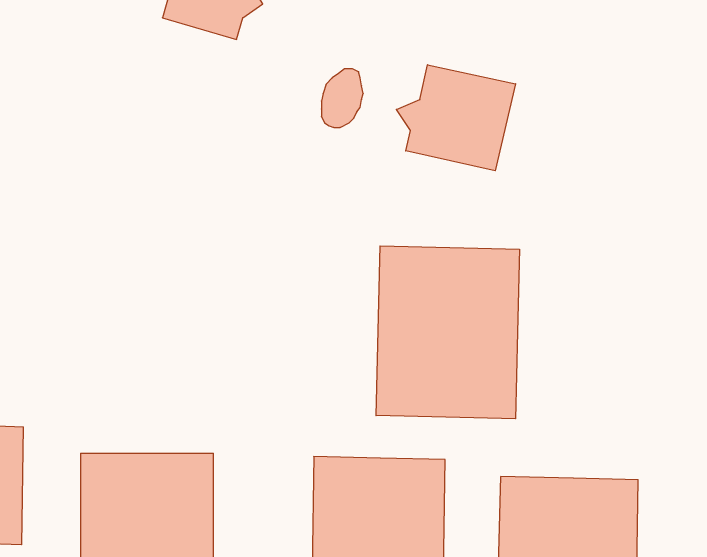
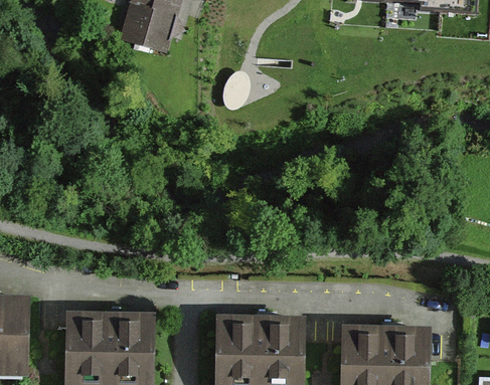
building: [396,65,516,171] -> none
building: [376,246,519,419] -> none

